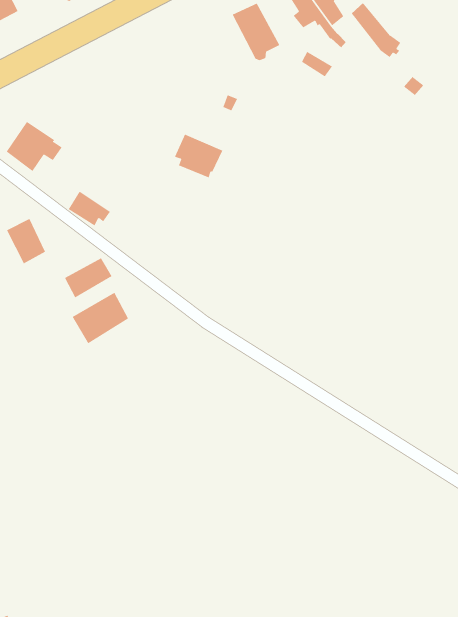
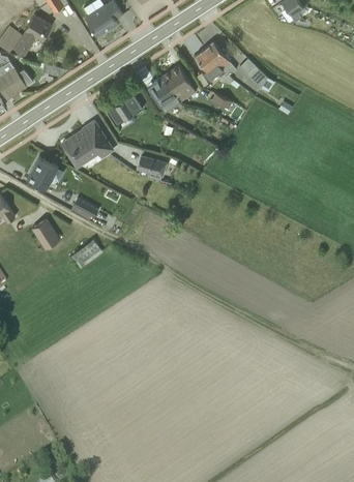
building: none -> [147,74,181,112]
building: none -> [108,94,143,125]
building: none -> [62,120,113,165]
building: [72,292,129,344] -> none

